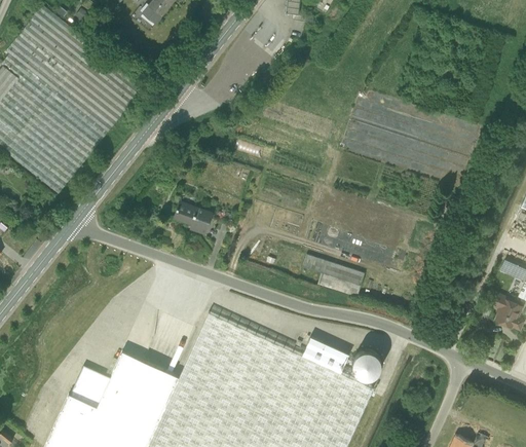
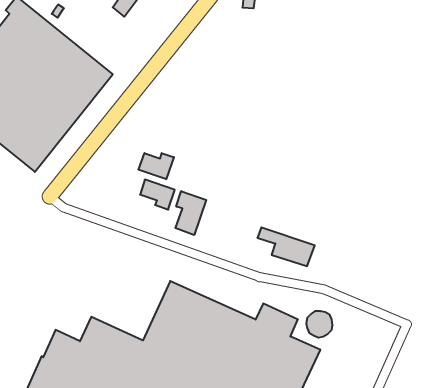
building: none -> [138,153,174,179]
building: none -> [175,191,206,235]

